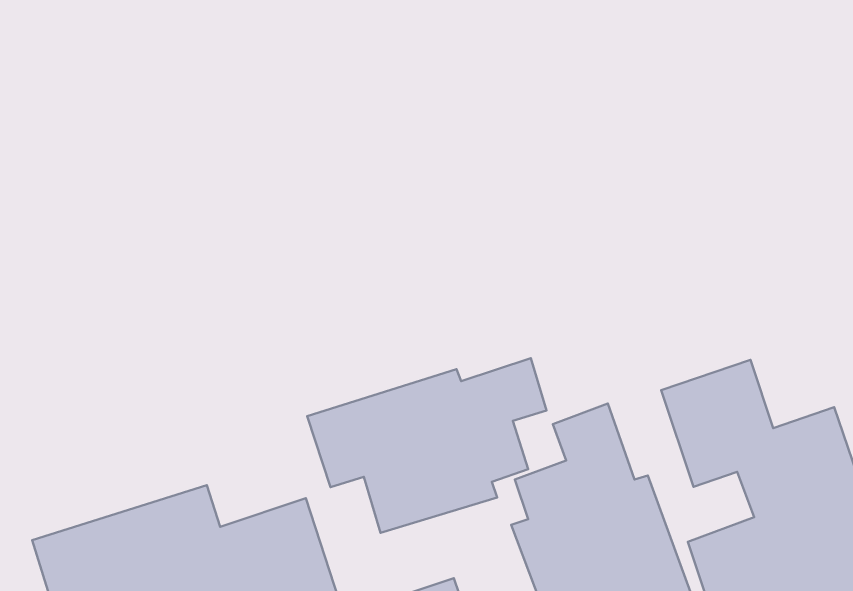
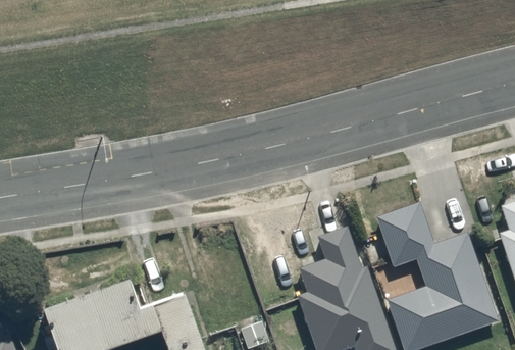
building: [307,358,546,533] -> none

